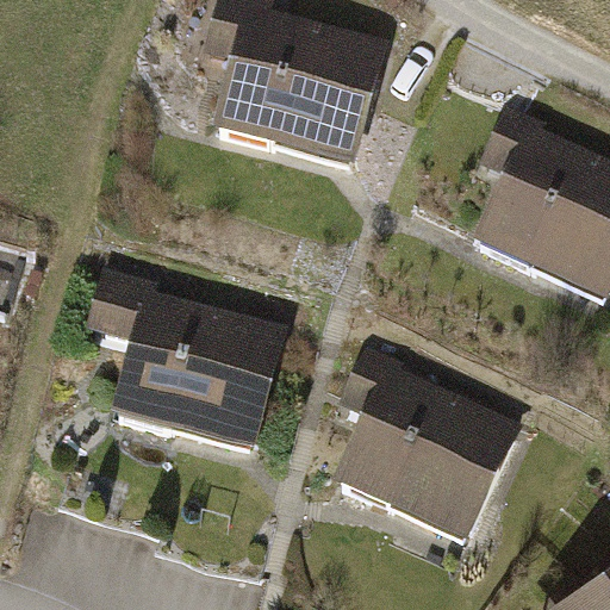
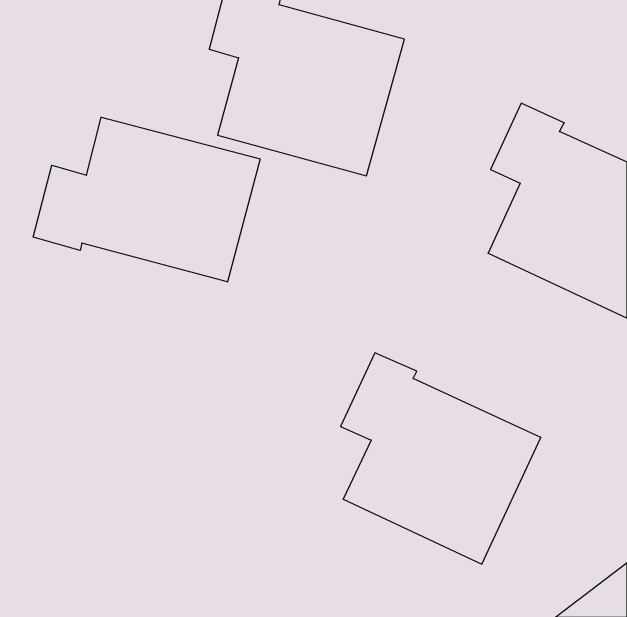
building: none -> [33,117,260,282]
building: [85,266,291,458] -> none

